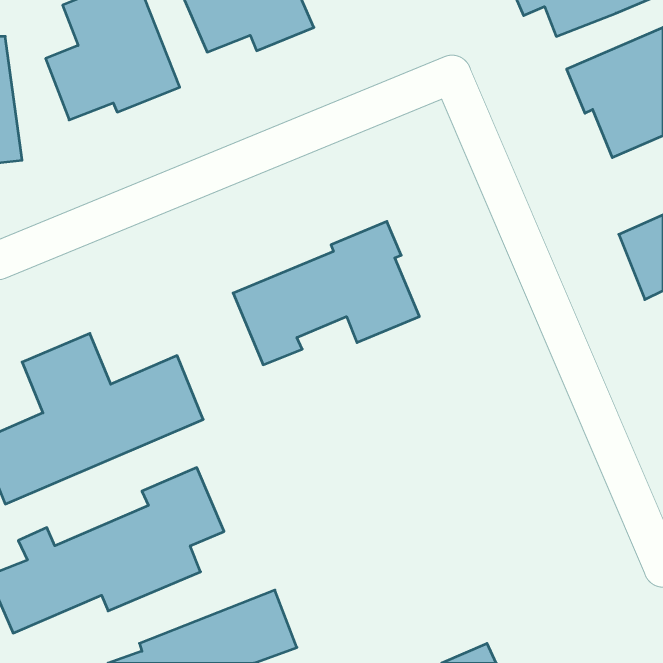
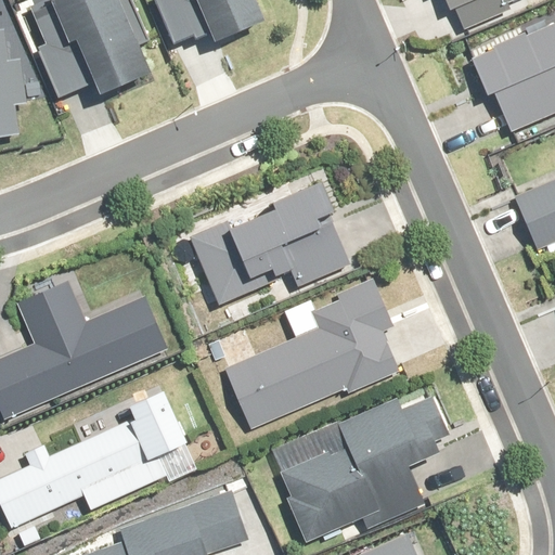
building: none -> [227,282,401,427]
building: none -> [278,389,444,542]

